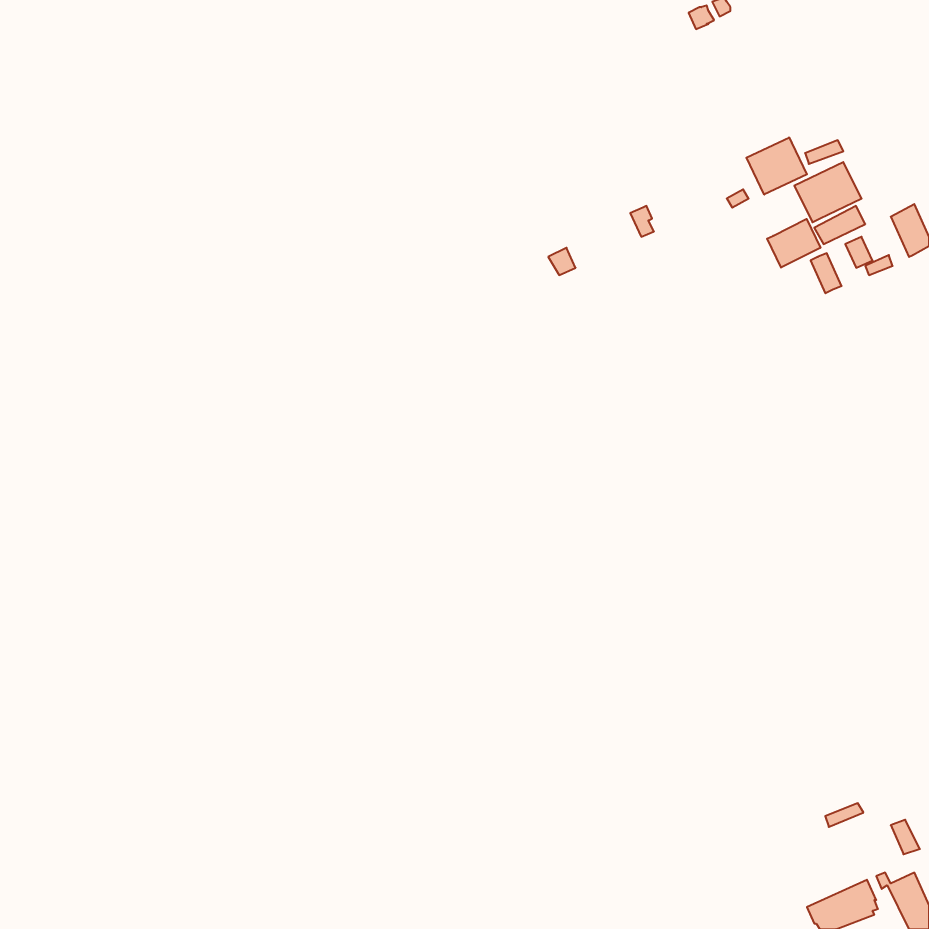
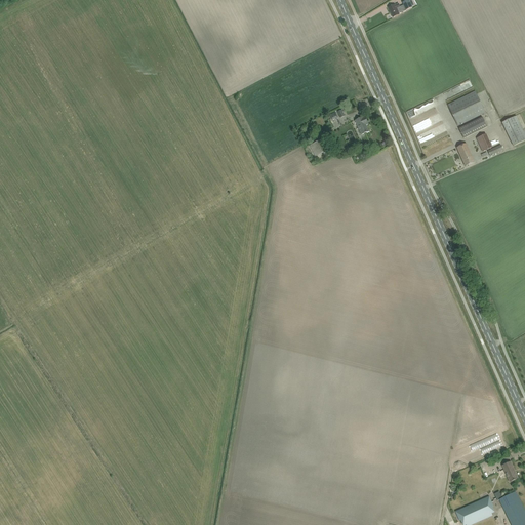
building: [746,137,807,195] -> none
building: [767,219,820,268] -> none

